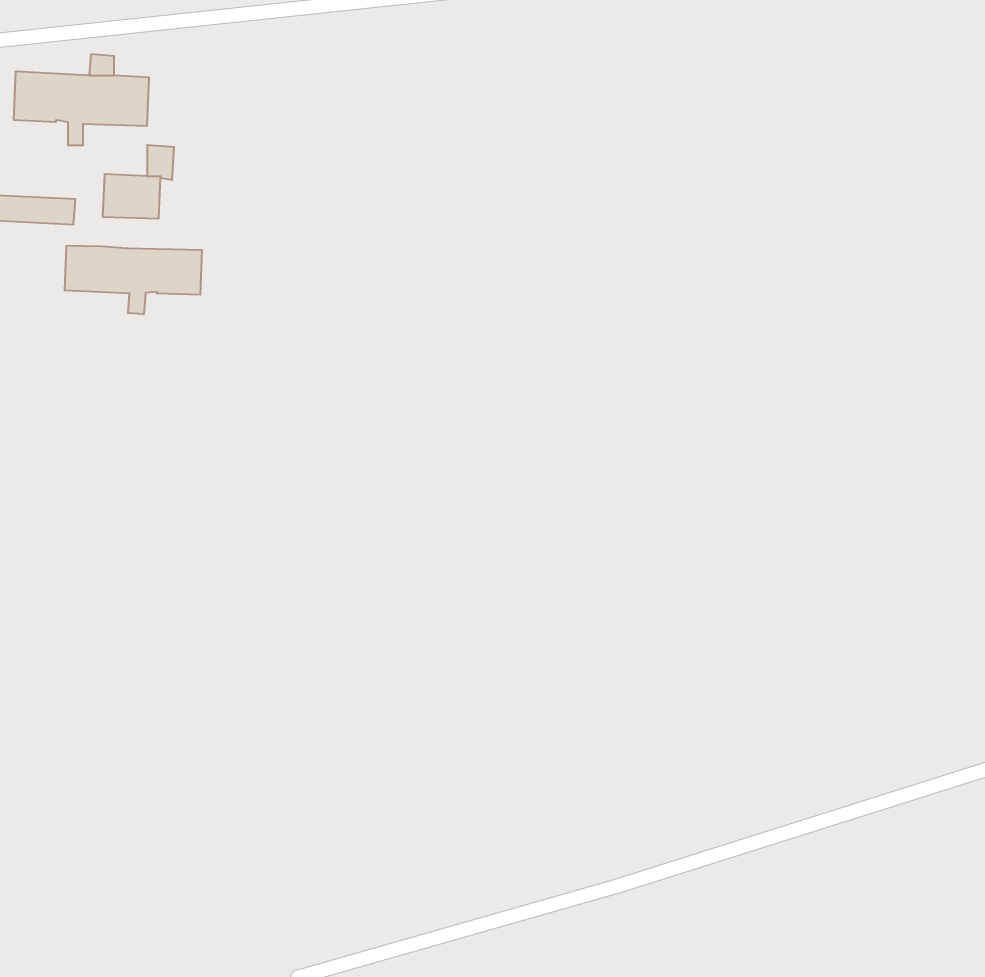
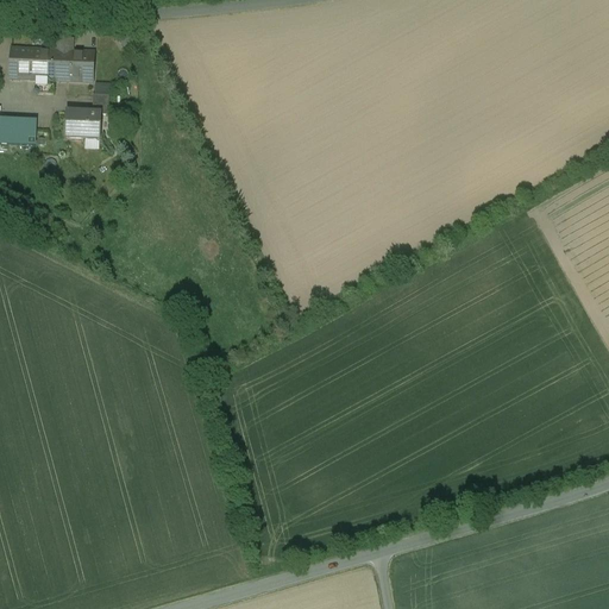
building: [65,246,202,314] -> none

